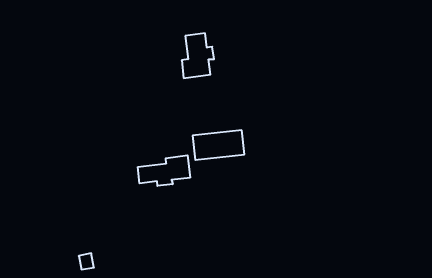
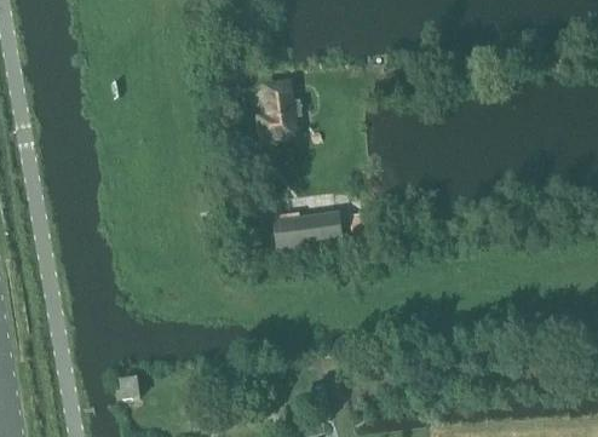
building: [138,155,190,186] -> none

